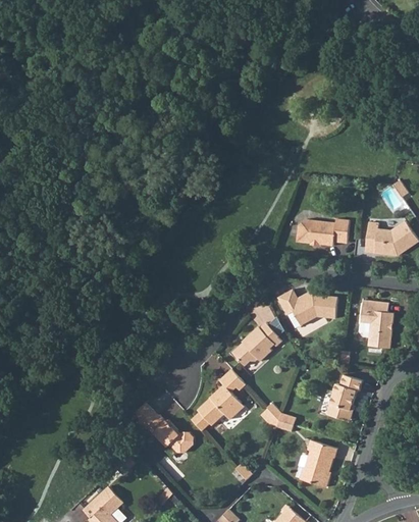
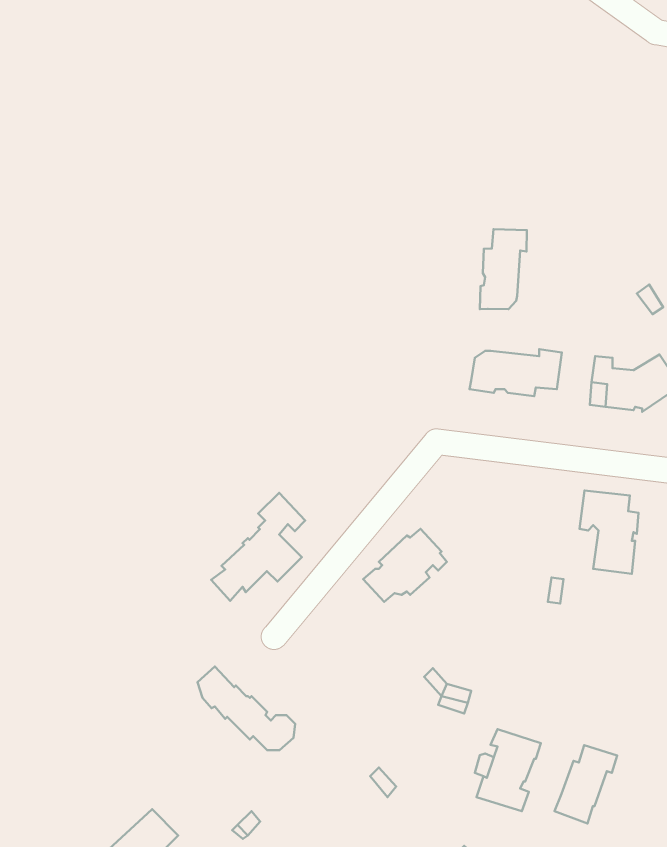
building: none -> [480,229,527,309]
building: [277,291,337,325] -> none
building: [192,369,247,432] -> [211,493,305,601]
building: [325,375,362,421] -> [554,745,617,823]

